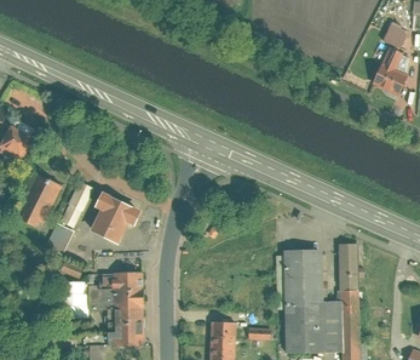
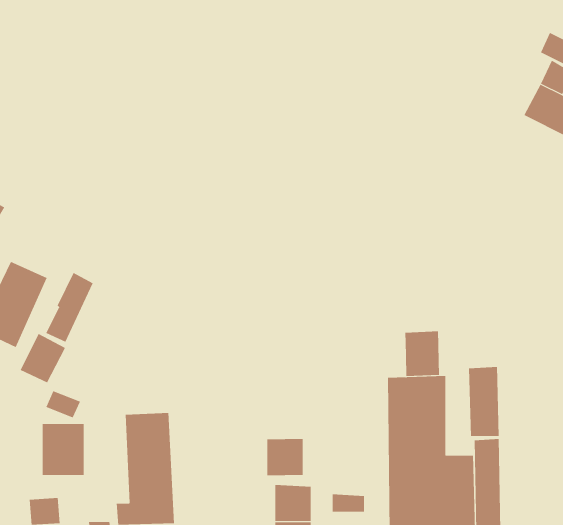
building: [91,193,142,245] -> none
building: none -> [405,331,439,377]
building: none -> [267,438,303,476]

